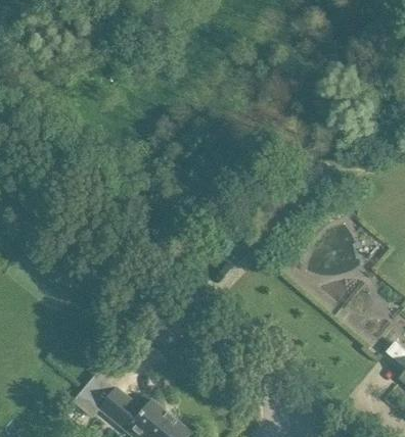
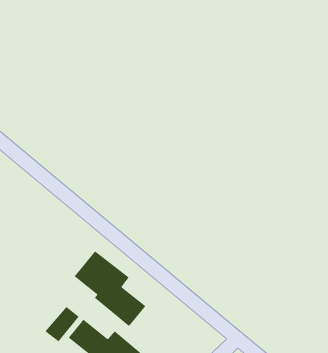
building: none -> [74,250,146,327]

